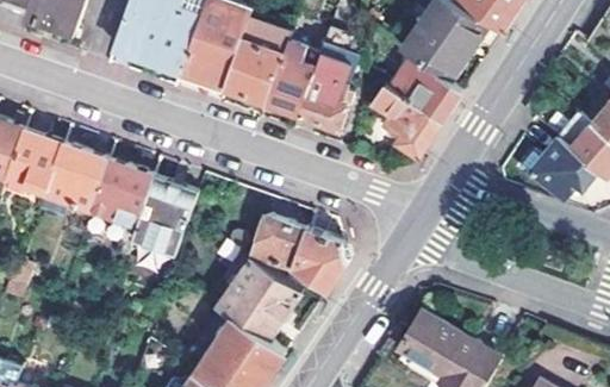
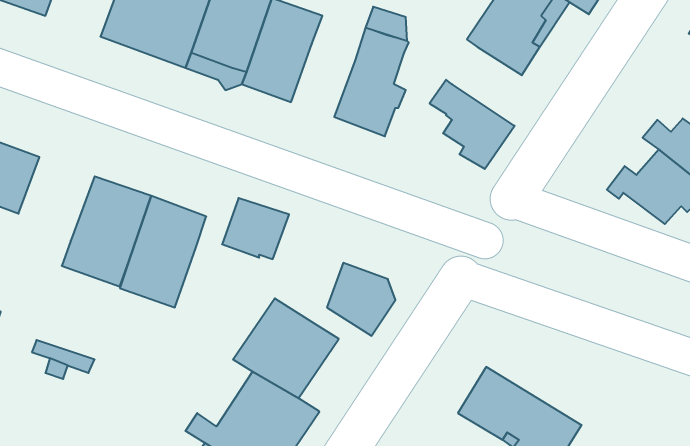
building: [264,55,316,113] -> none
building: [393,57,463,120] -> none
building: [39,145,107,218] -> none
building: [253,217,306,266] -> [222,198,289,259]

